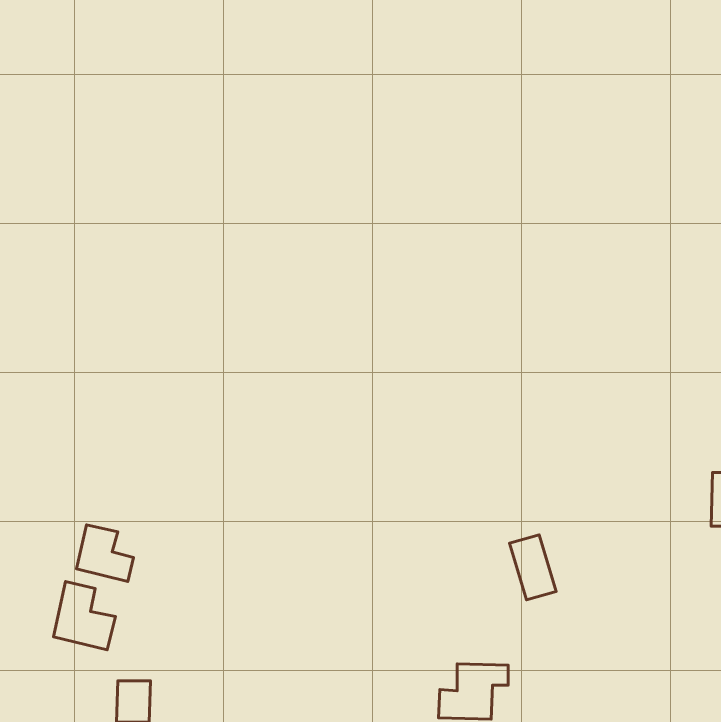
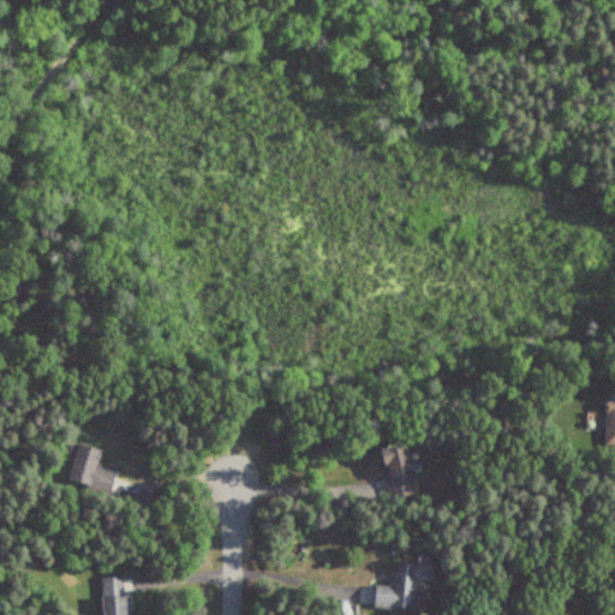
building: [509,535,556,600] -> [377,441,417,496]
building: [53,581,115,650] -> none

